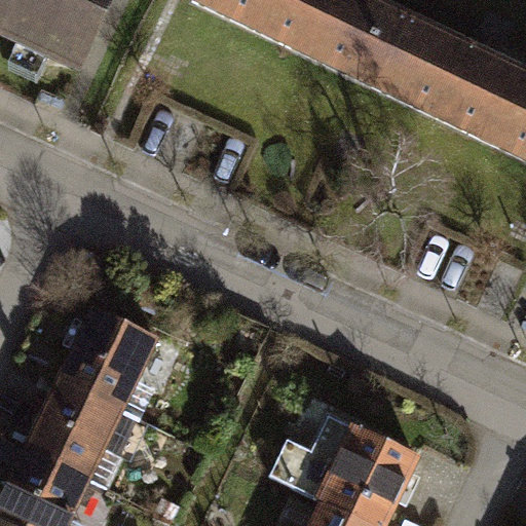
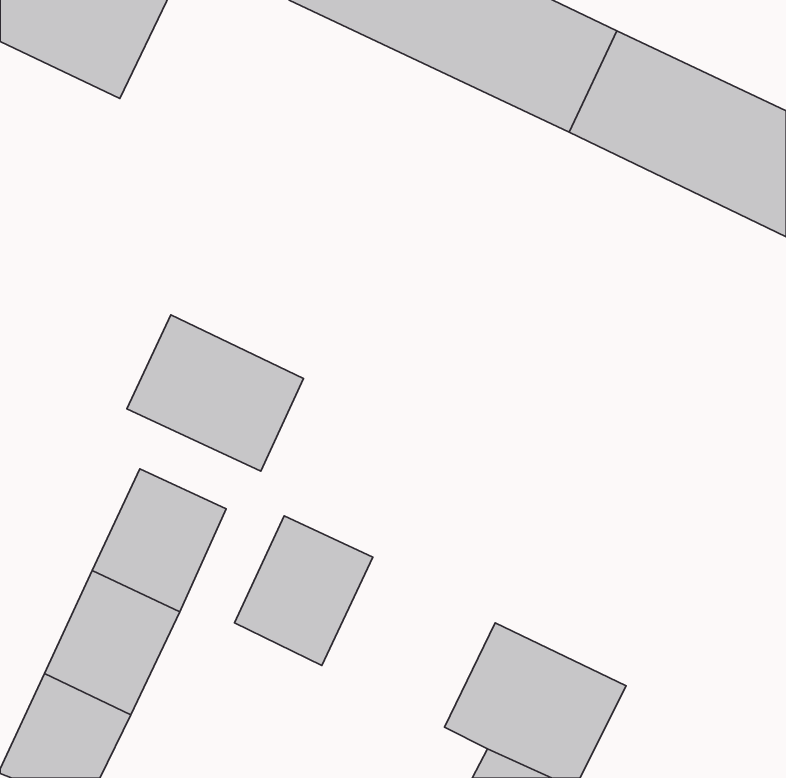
building: none -> [127,315,303,471]
building: none -> [234,516,373,665]

